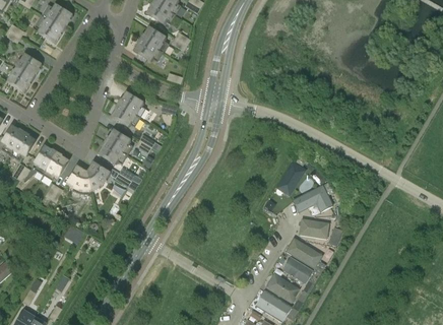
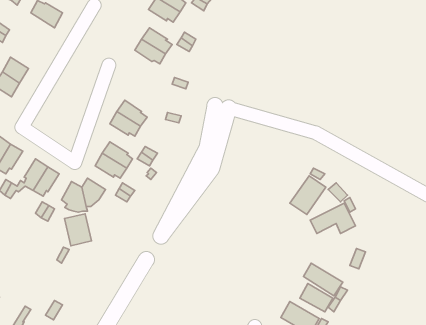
building: [35,14,63,41] -> none
building: none -> [64,214,91,246]
building: [300,219,329,239] -> none

